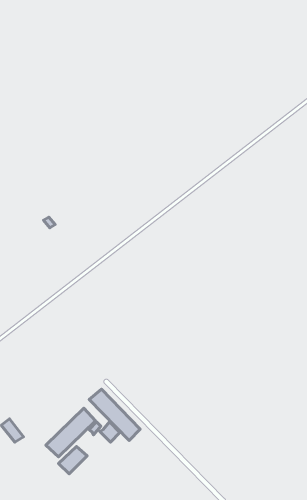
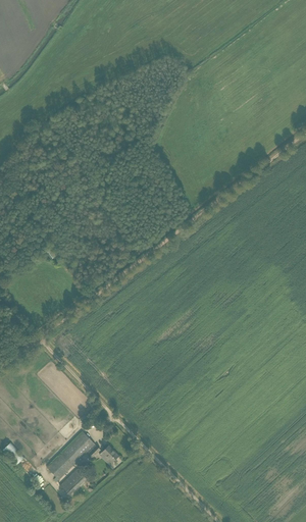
building: [89,389,140,441] -> none

